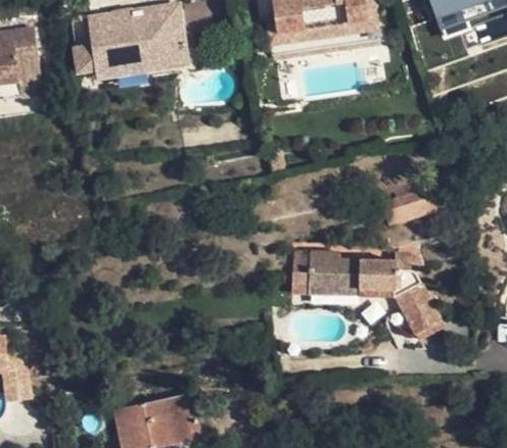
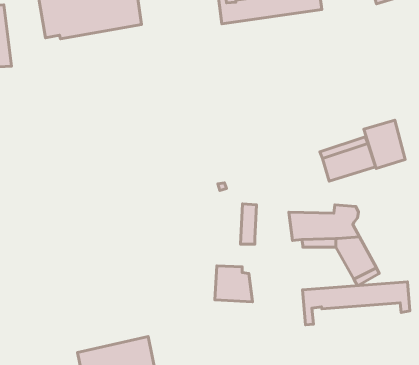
building: none -> [364,120,405,169]
building: [308,251,349,290] -> [215,266,253,302]
building: none -> [303,282,410,325]

